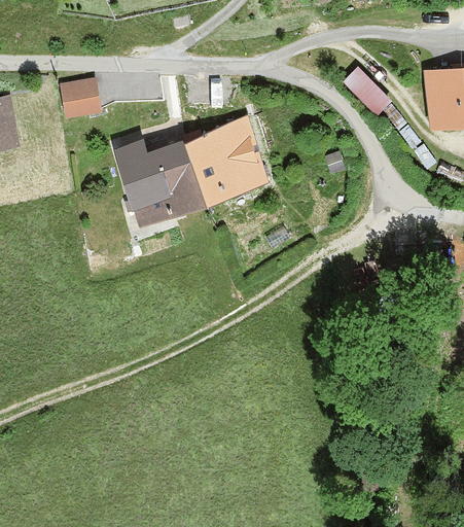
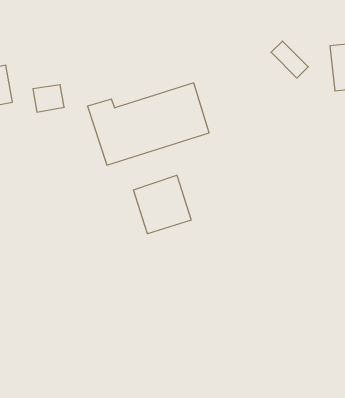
building: [59,82,99,117] -> [33,85,64,112]
building: none -> [134,175,191,234]

